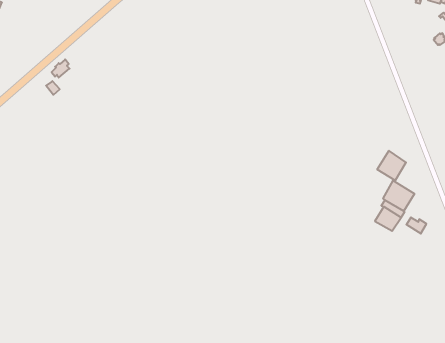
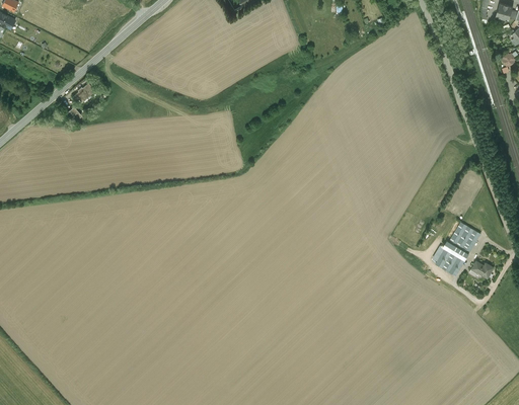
building: [377,151,406,181] -> none

